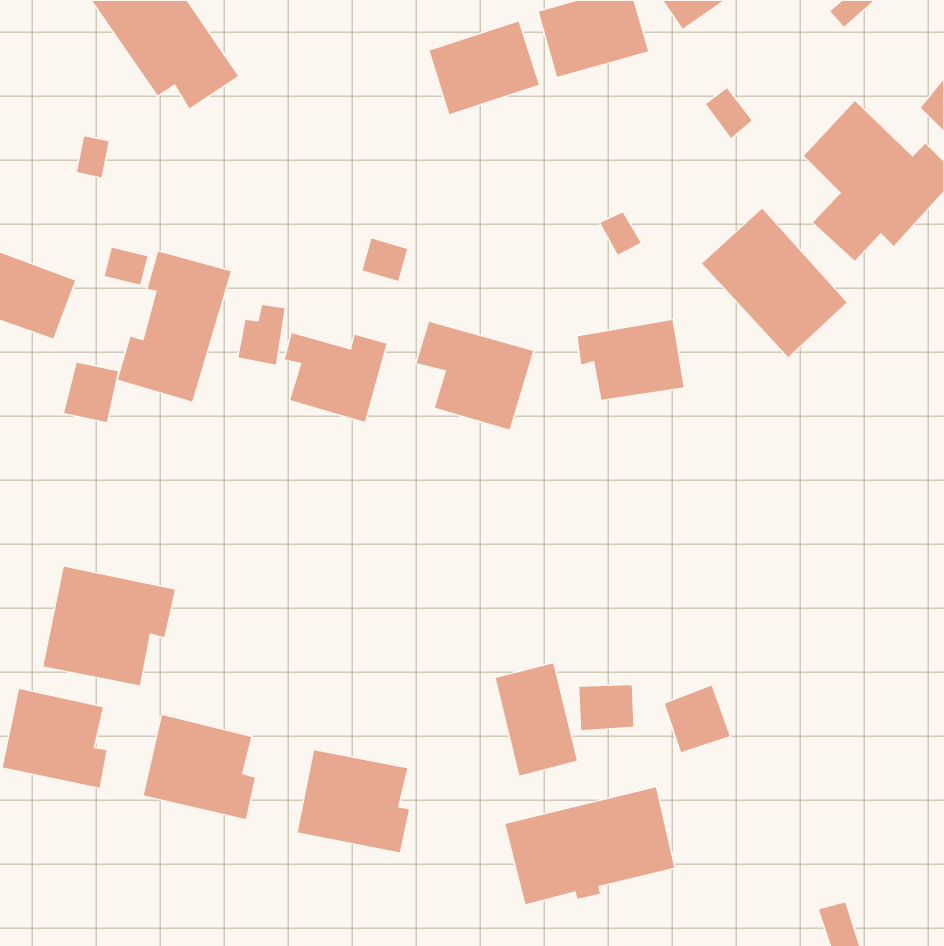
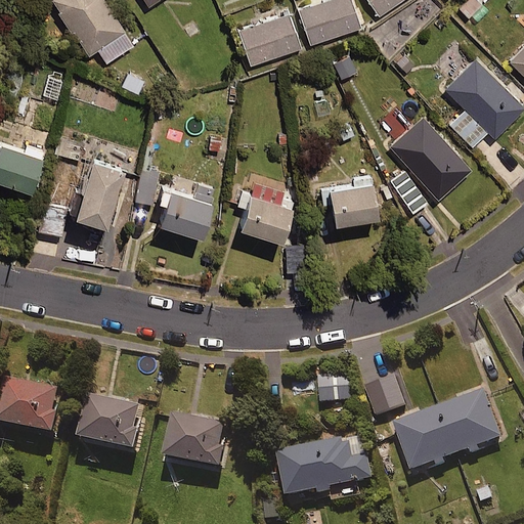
building: none -> [388,169,427,212]
building: [42,566,176,686] -> none
building: [495,662,578,776] -> none
building: none -> [395,392,503,473]

